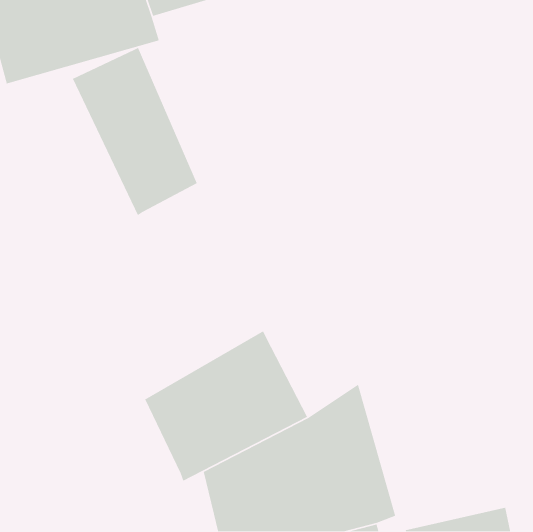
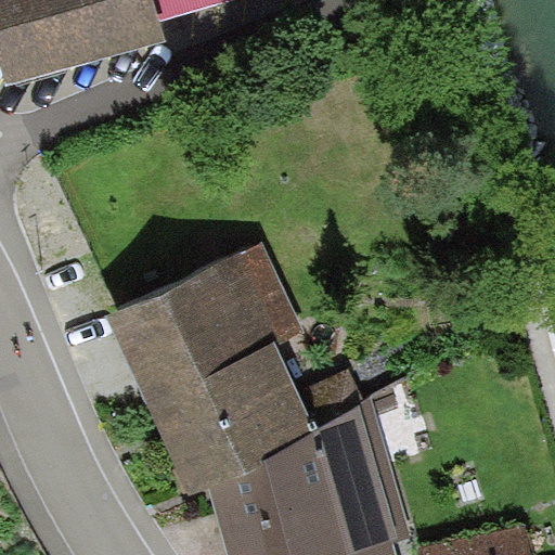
building: [72,47,198,216] -> none
building: none -> [106,244,301,414]

